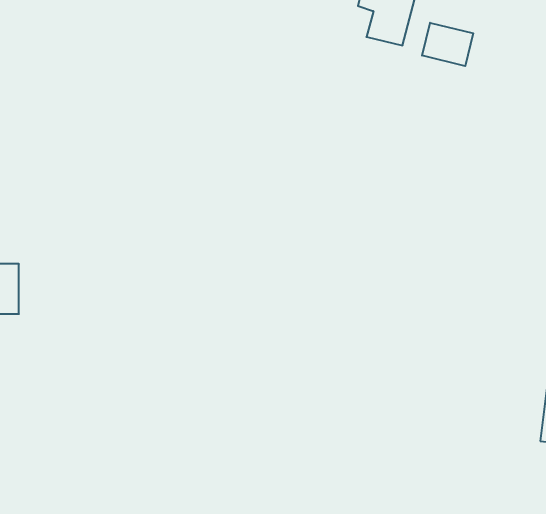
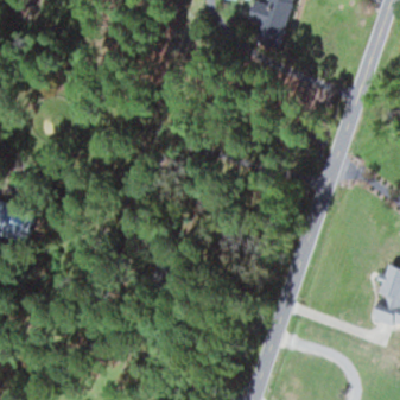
building: [422,23,473,66] -> none

